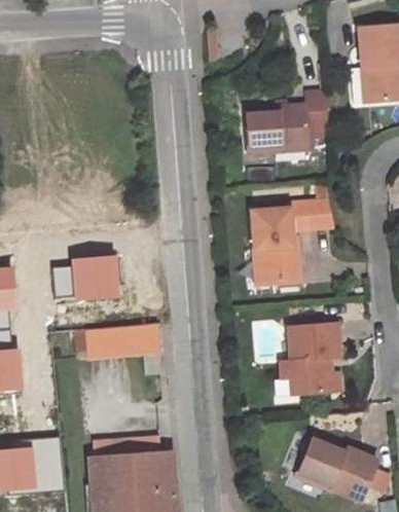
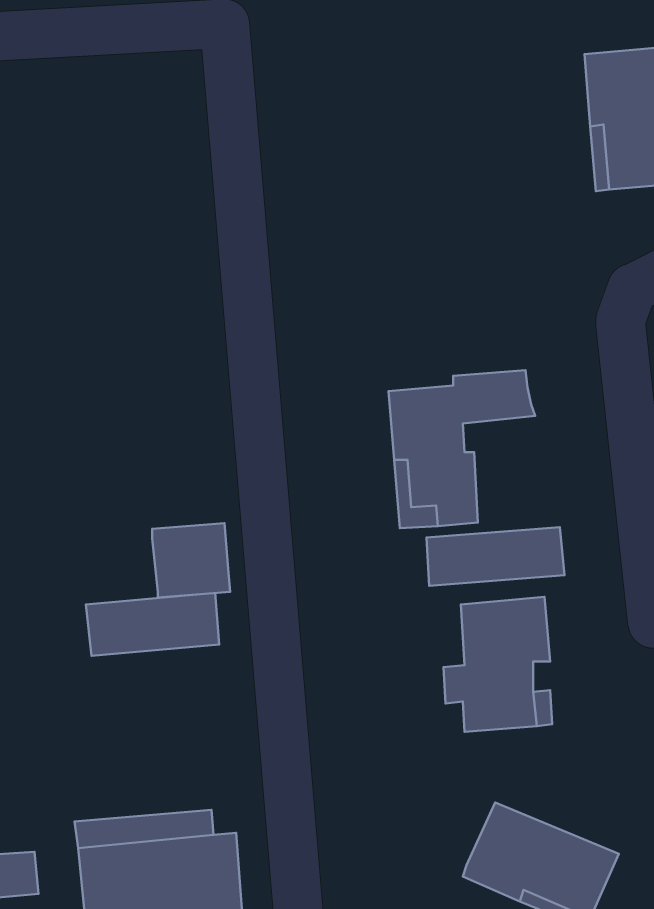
building: [246,94,327,155] -> none
building: [73,258,115,298] -> [152,523,230,597]
building: none -> [427,527,564,586]

